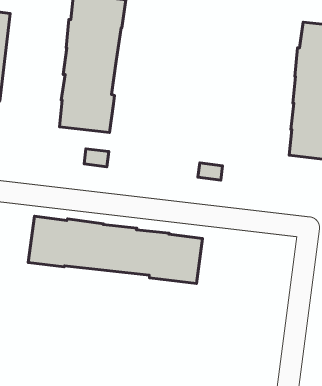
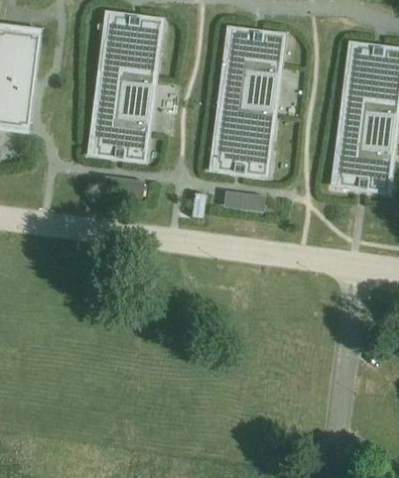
building: none -> [210,27,283,174]
building: [28,216,202,283] -> none

